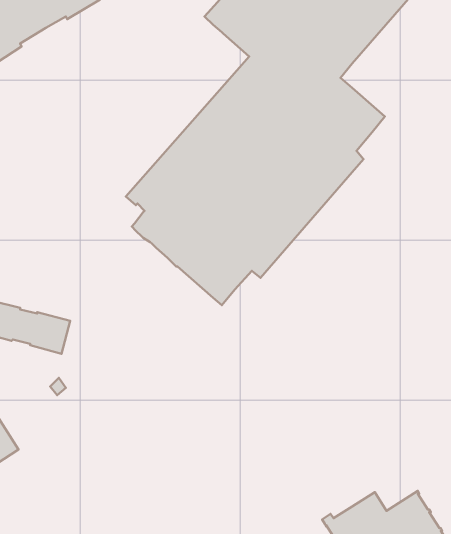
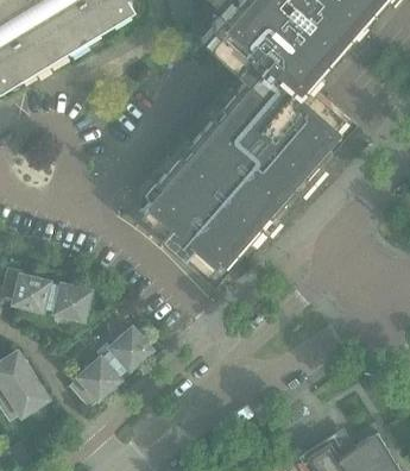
building: none -> [67,329,149,410]

